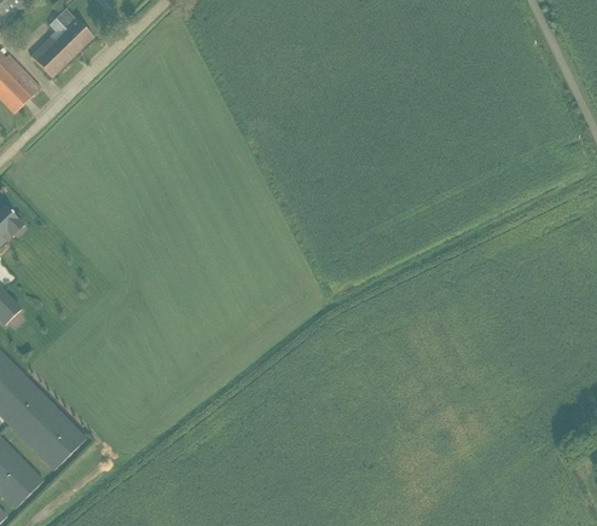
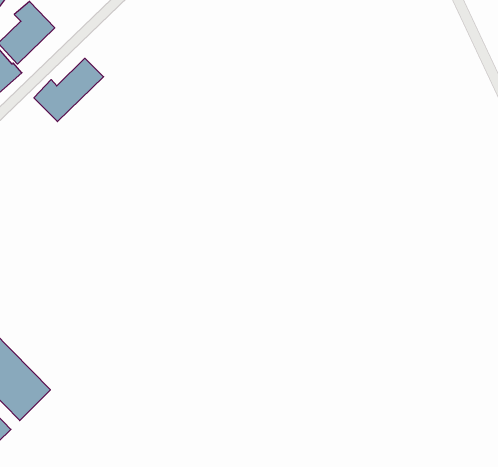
building: none -> [34,58,104,122]

